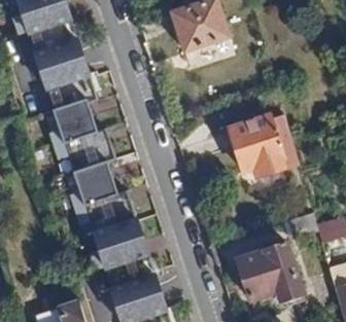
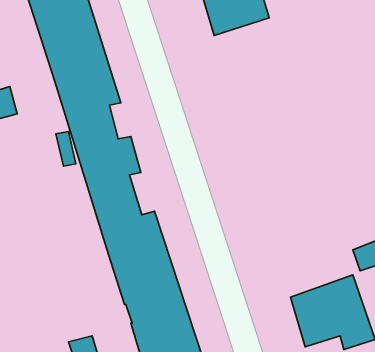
building: [221,121,293,184] -> none

